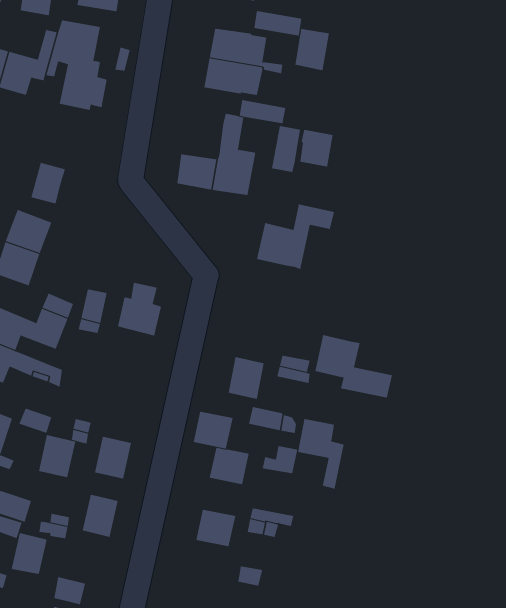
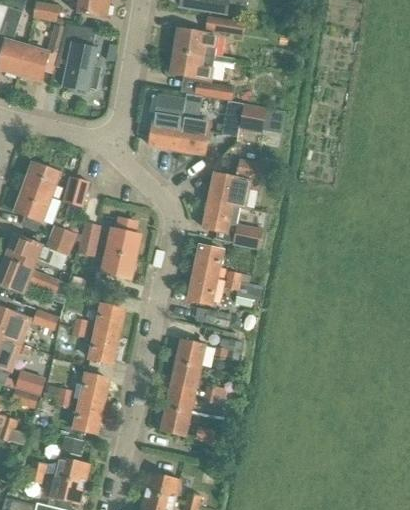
building: [295,28,330,71] -> none
building: none -> [154,95,184,123]
building: [31,162,66,204] -> [62,176,88,207]
building: none -> [193,245,221,277]
building: none -> [101,250,134,278]
building: [314,335,393,398] -> [203,200,261,247]
building: [193,411,233,449] -> [169,362,199,390]
building: [298,418,344,490] -> none
building: [38,435,76,478] -> [95,304,123,336]
building: [11,533,47,575] -> [74,401,101,432]
building: none -> [160,408,189,436]

